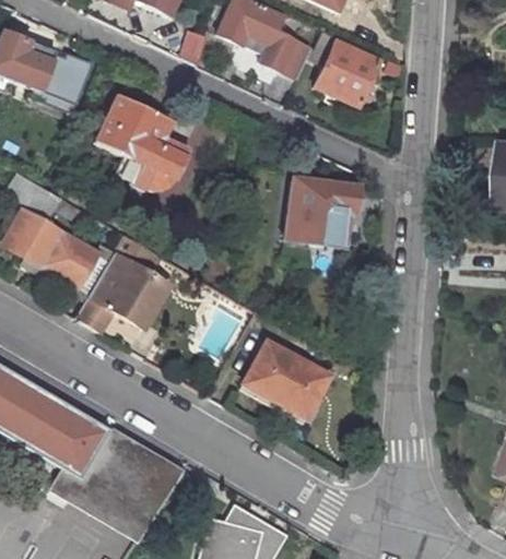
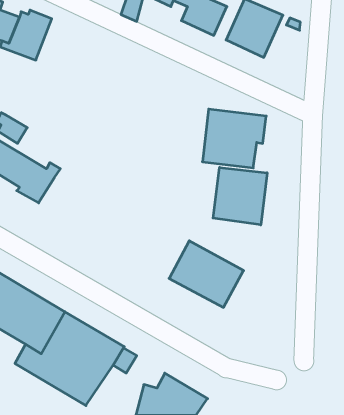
building: [95,93,191,190] -> none
building: [75,231,173,334] -> none
building: none -> [213,167,267,225]

